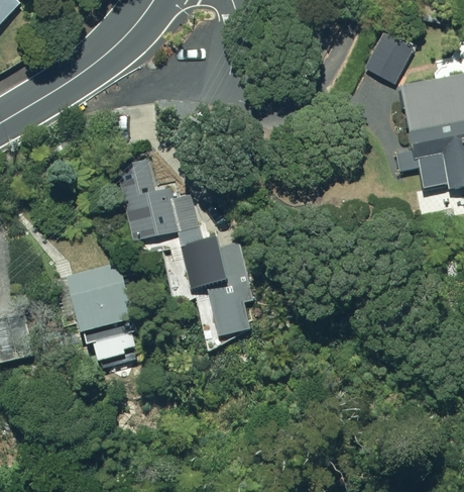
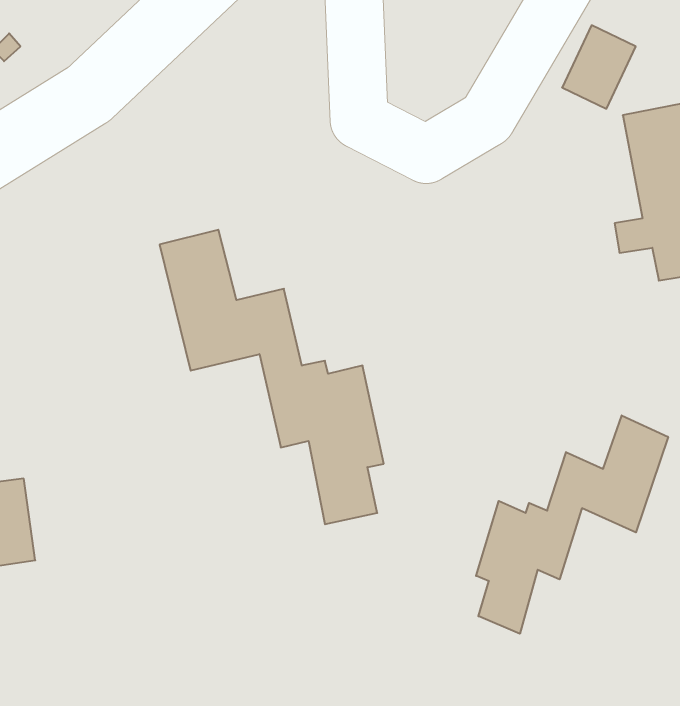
building: [66,262,135,361] -> none
building: none -> [476,415,668,634]

